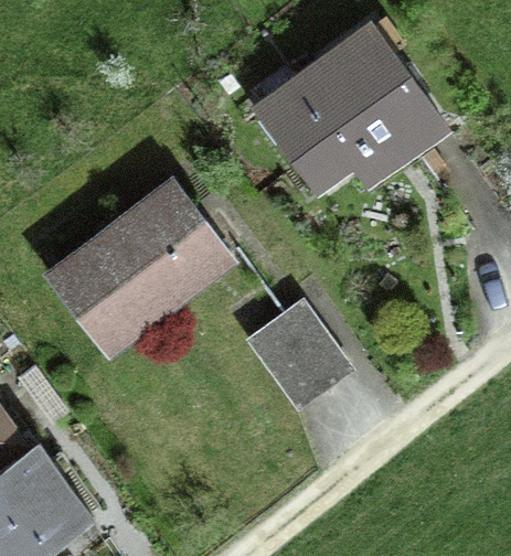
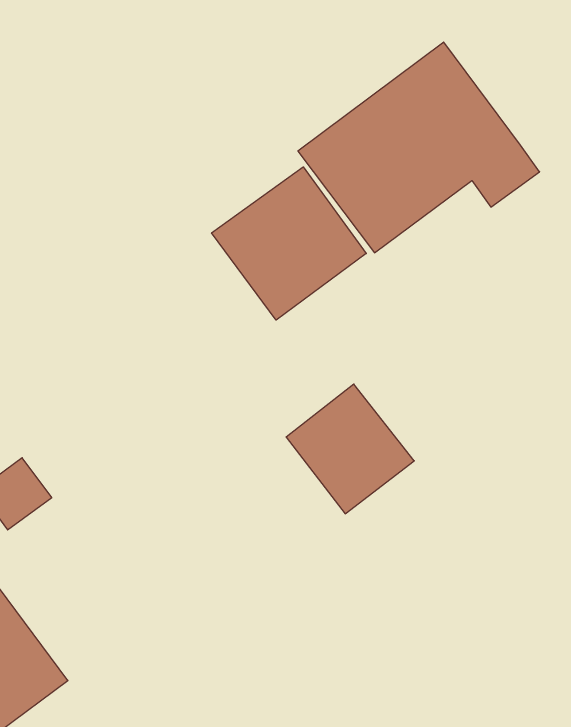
building: none -> [212,167,366,320]
building: [55,186,225,344] -> none

